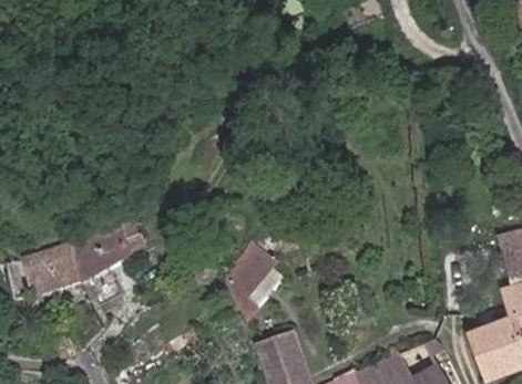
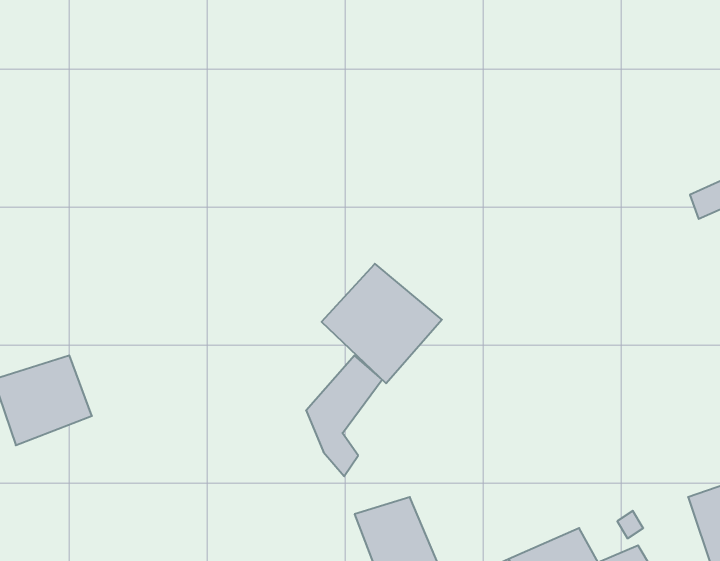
building: none -> [322,264,442,383]
building: [73,219,141,280] -> none

